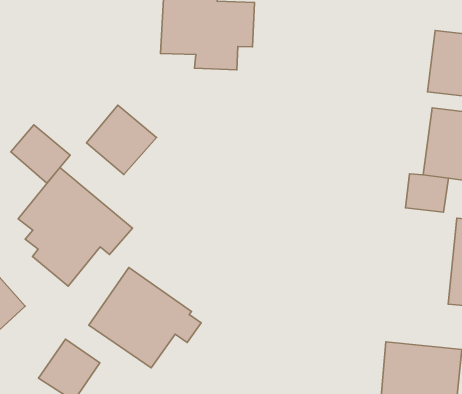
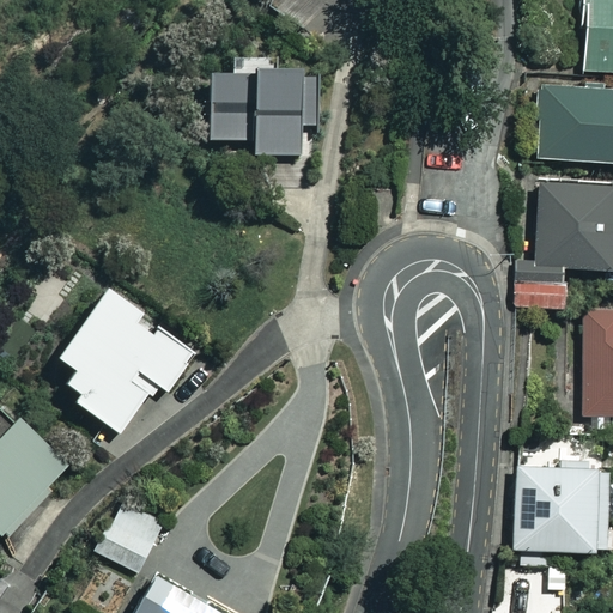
building: [86,105,156,174] -> none
building: [11,125,70,183] -> none
building: [89,267,201,368] -> none

